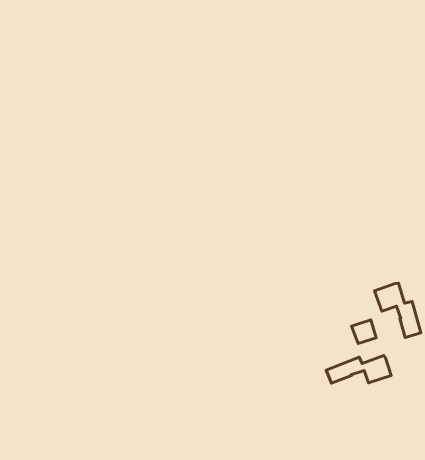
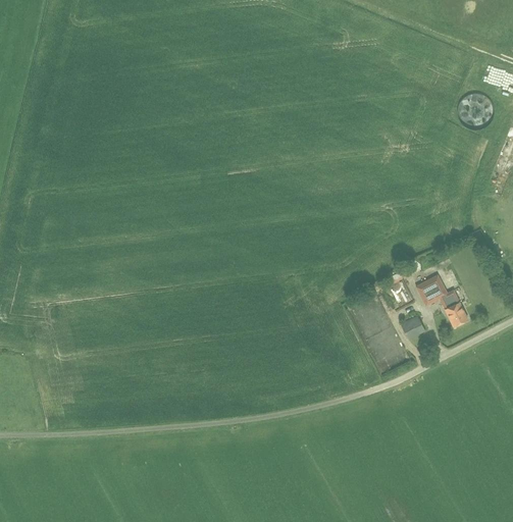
building: [326,355,391,383] -> none

